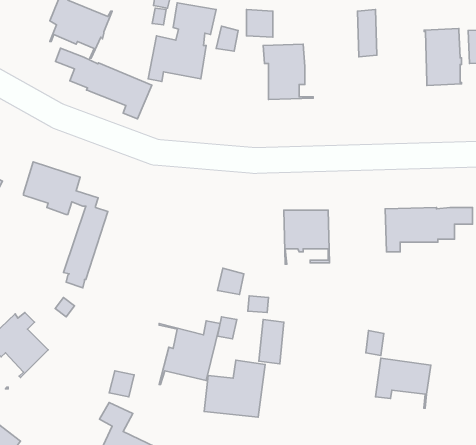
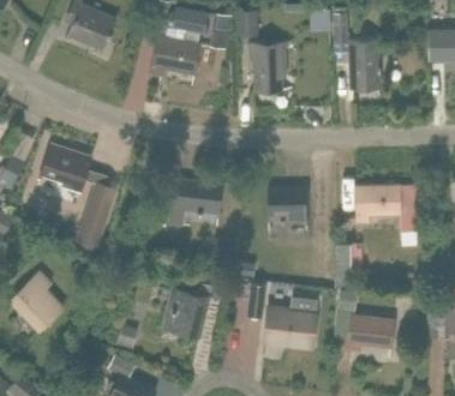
building: [424,29,461,85] -> [348,40,381,89]
building: [55,48,152,119] -> none
building: none -> [169,179,229,228]
building: [204,360,265,417] -> [265,296,318,346]

